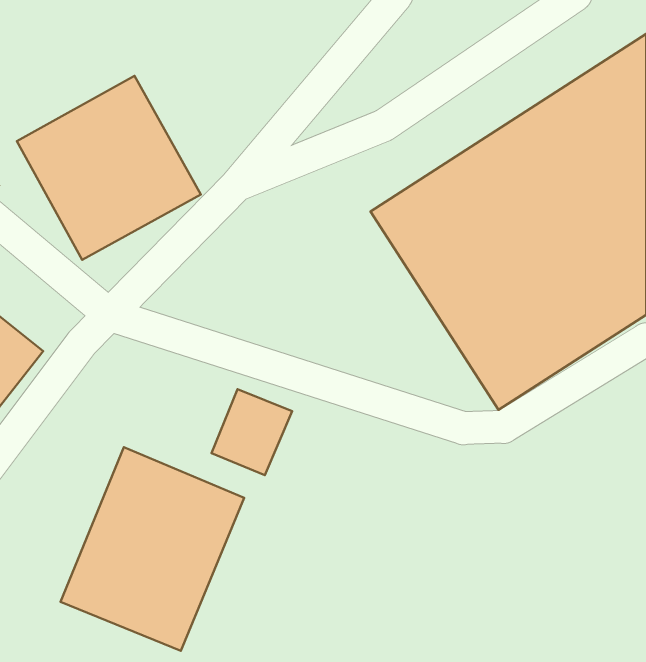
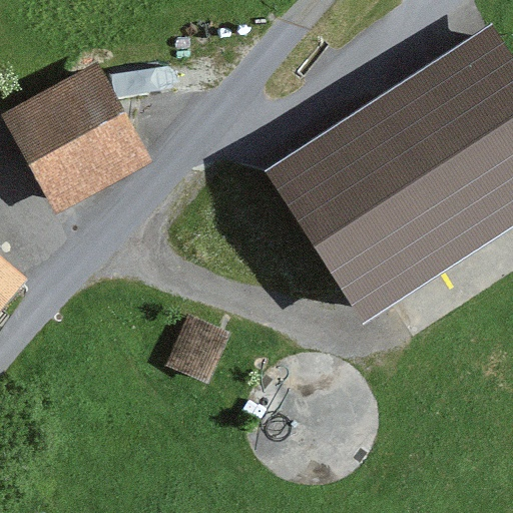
building: [61,447,244,651] -> none

